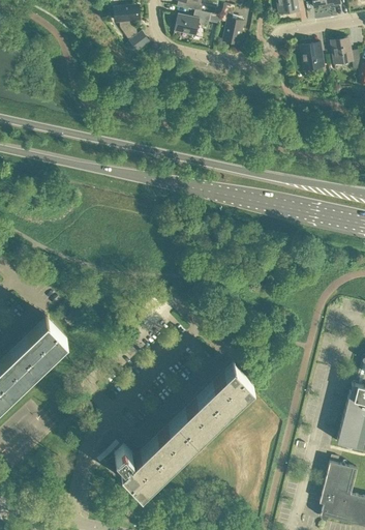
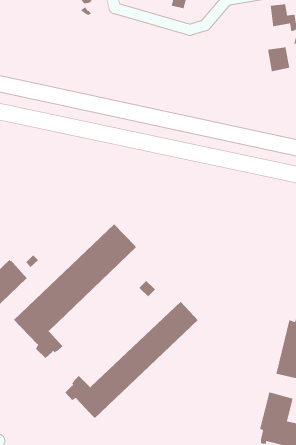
building: [300,45,325,72] -> [267,46,290,72]
building: none -> [13,223,137,359]

